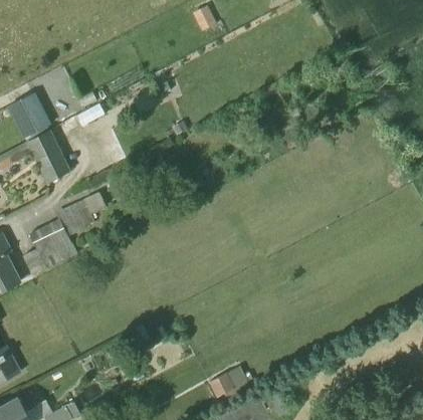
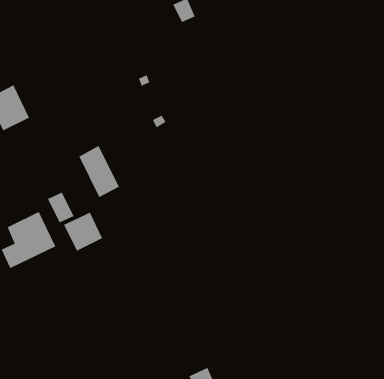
building: [30,131,71,183] -> [79,145,120,198]
building: none -> [63,212,103,252]

